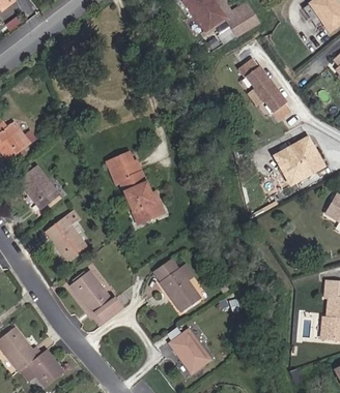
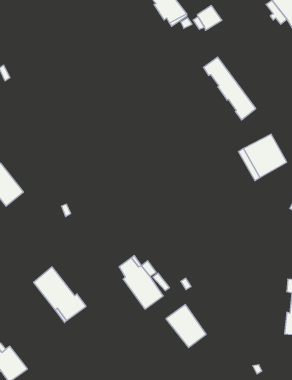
building: [106,154,162,222] -> none
building: [45,210,85,260] -> none
building: [168,329,208,372] -> [166,304,206,348]

